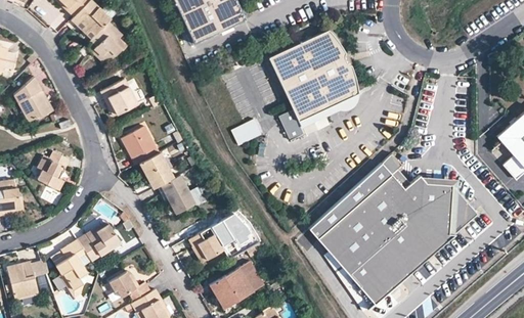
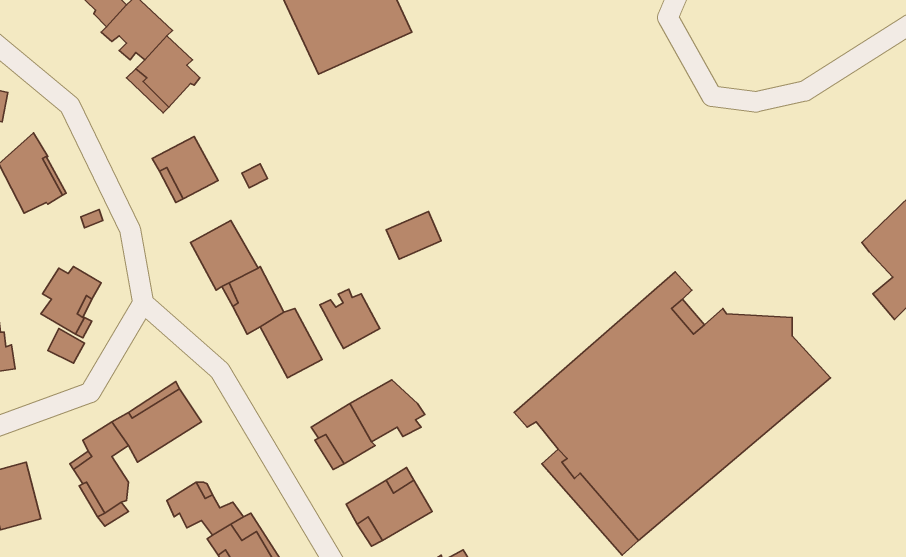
building: [267,29,357,140] -> none
building: none -> [320,289,380,348]

